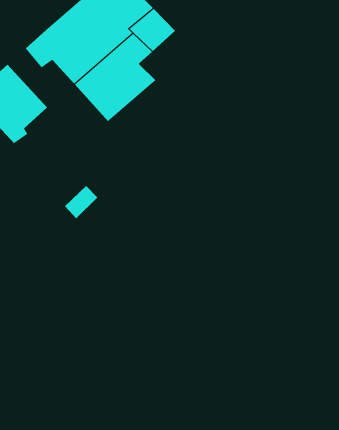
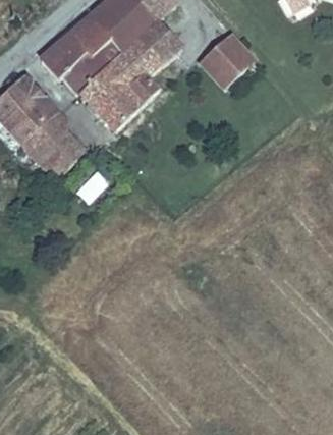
building: none -> [201,35,252,85]
building: none -> [24,111,86,180]

